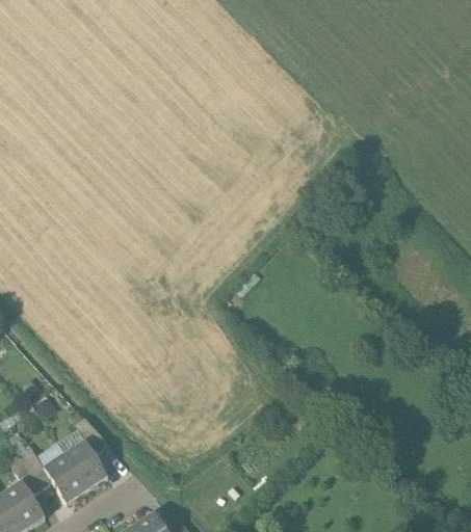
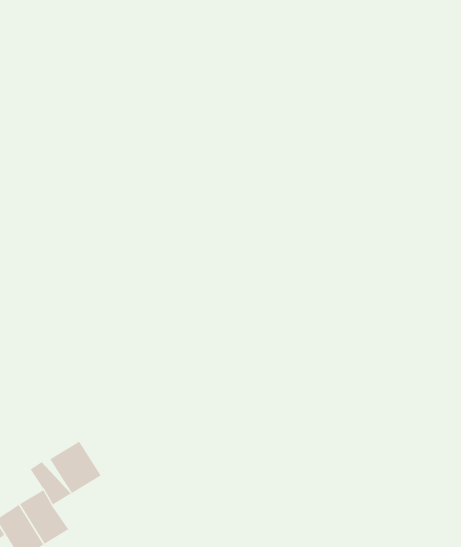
building: none -> [50,441,101,494]

